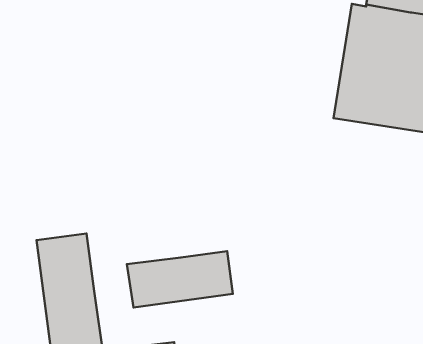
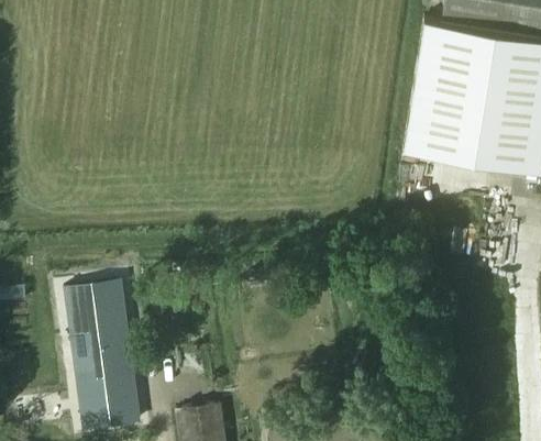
building: [127,251,233,307] -> none

